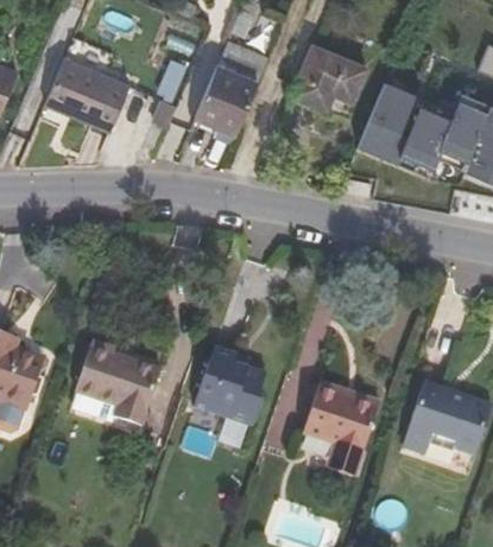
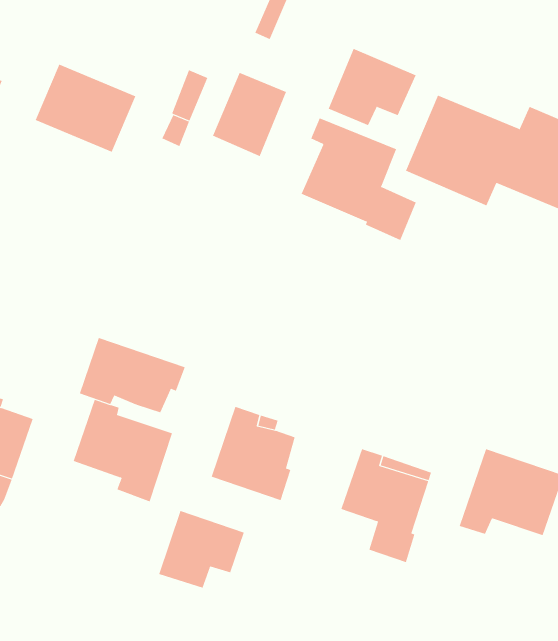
building: [216,39,266,81] -> none
building: none -> [301,117,417,241]
building: none -> [79,337,186,413]
building: none -> [159,510,245,588]

